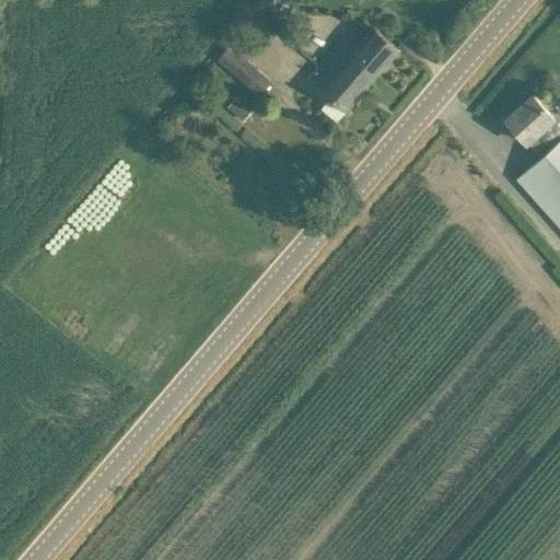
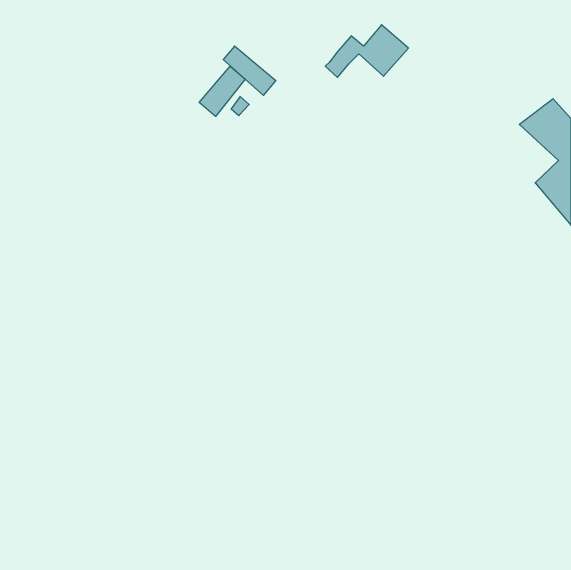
building: [307,56,374,113] -> none
building: none -> [199,66,245,116]

